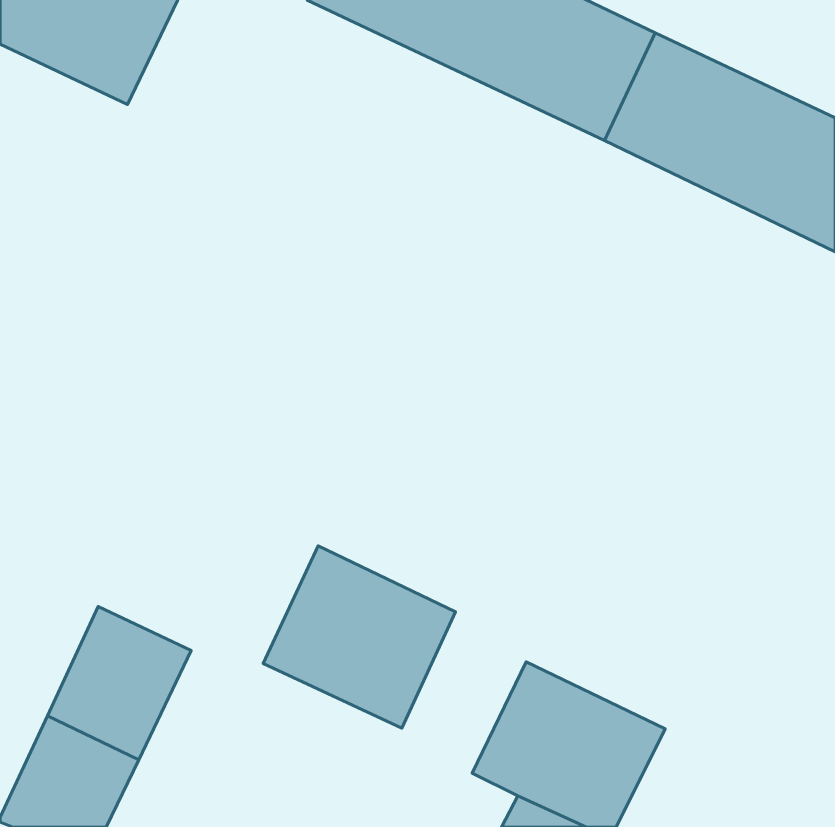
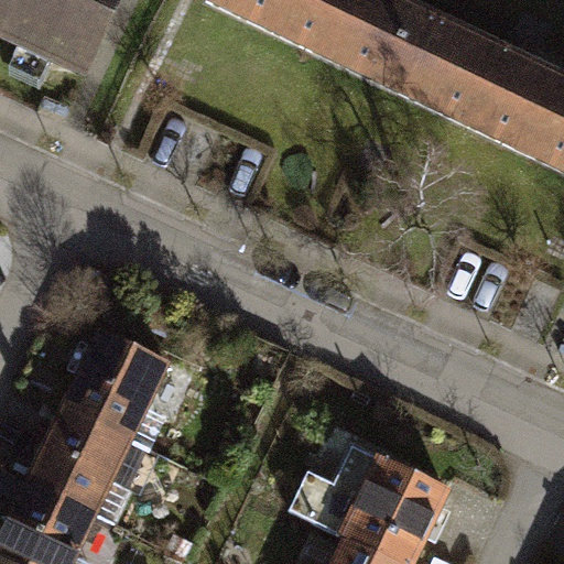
building: none -> [66,336,162,438]
building: [263,546,455,728] -> none

